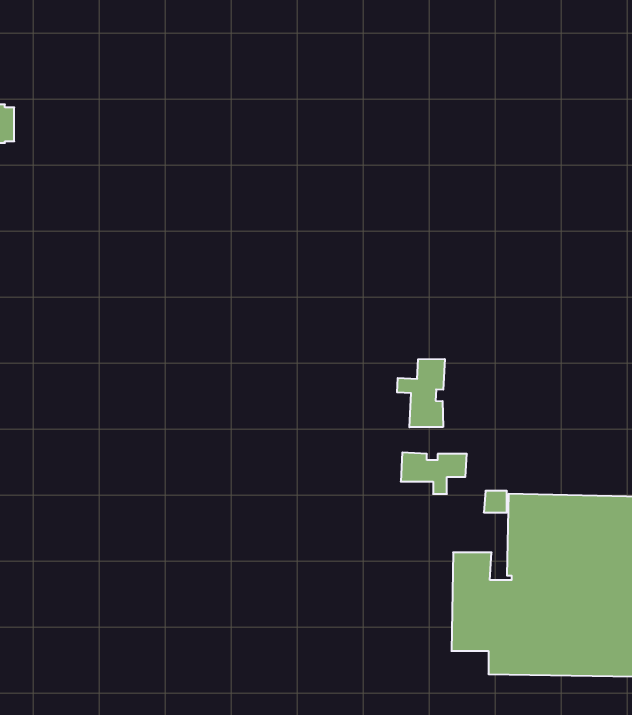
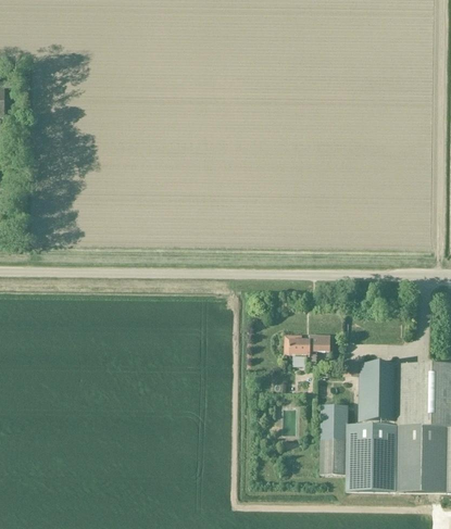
building: [397,359,445,427] -> none

